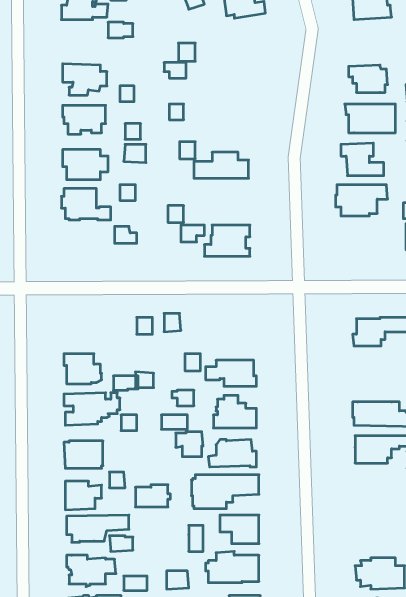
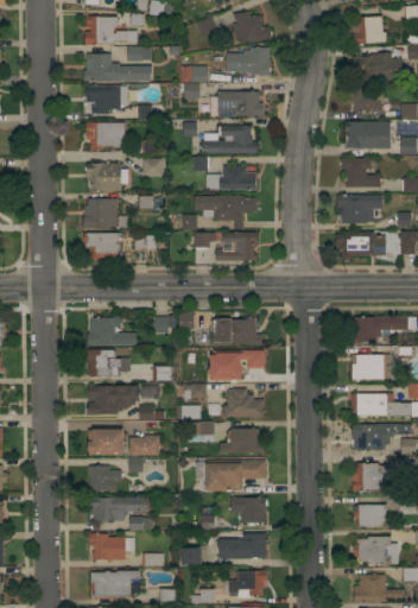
building: none -> [227,48,270,76]
building: none -> [354,53,390,82]
building: none -> [84,55,152,81]
building: none -> [218,91,264,118]
building: none -> [202,127,256,154]
building: none -> [214,196,258,230]
building: none -> [336,232,386,261]
building: none -> [84,233,119,259]
building: none -> [88,317,137,346]
building: none -> [210,317,262,346]
building: none -> [352,355,390,380]
building: none -> [353,463,391,492]
building: [135,485,170,507] -> [131,436,163,456]
building: none -> [354,505,387,527]

